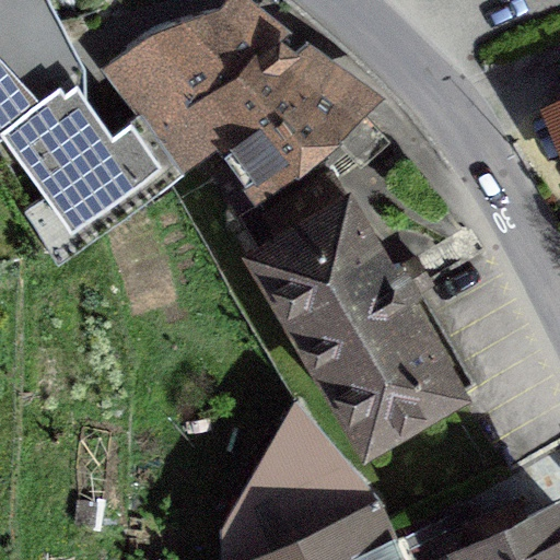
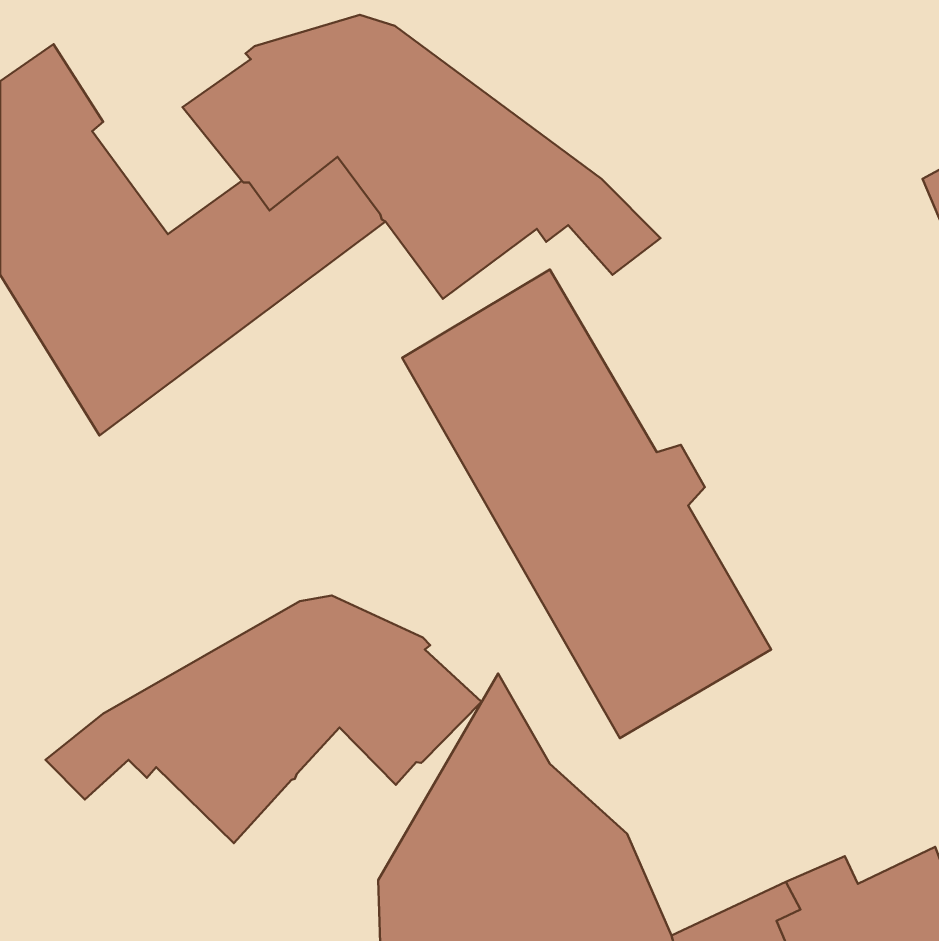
building: none -> [45,595,482,843]

